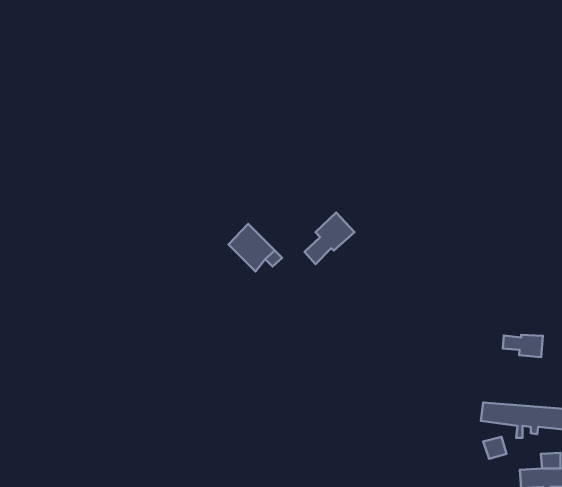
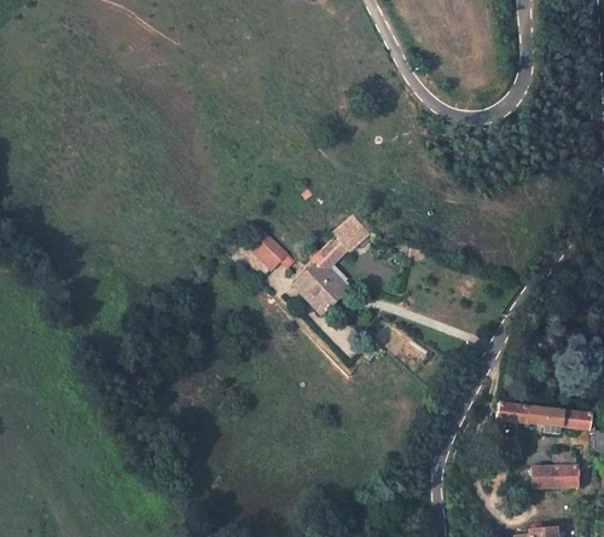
building: none -> [296,265,344,313]
building: [503,335,543,357] -> none

